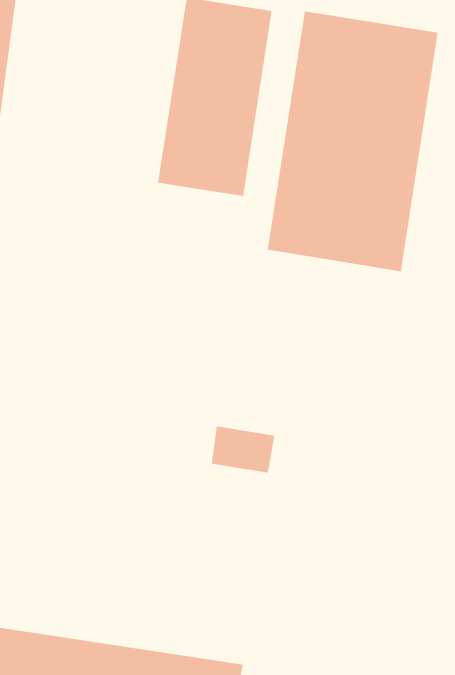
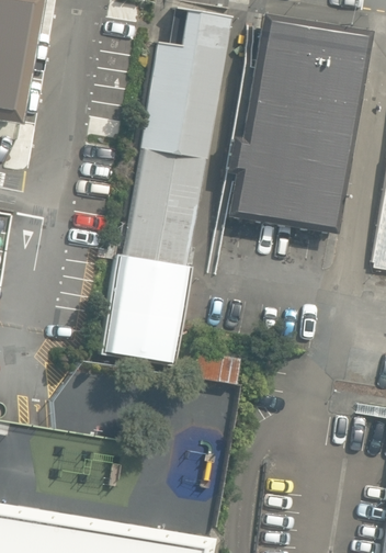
building: none -> [109,154,208,363]

